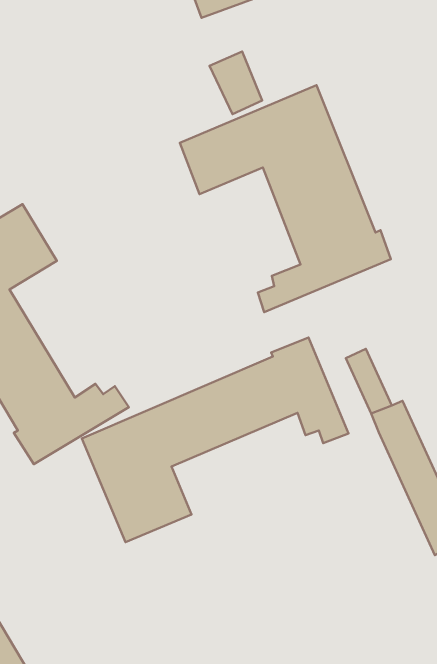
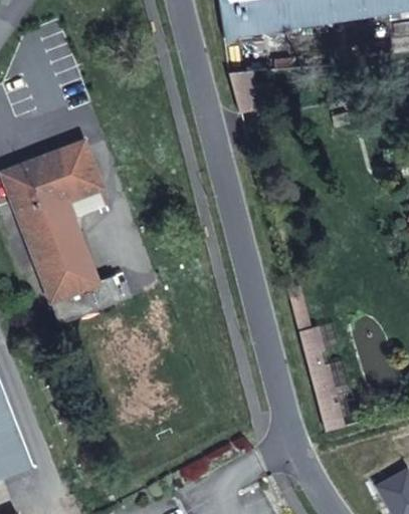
building: [180,85,391,312] -> none
building: [82,337,348,542] -> none

